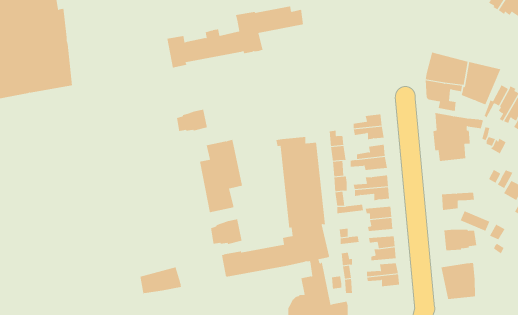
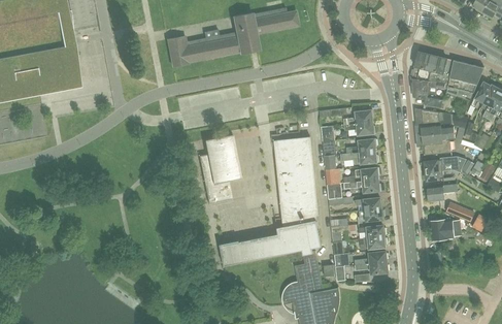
building: [177,109,207,132] -> none
building: none -> [424,156,464,181]
building: [210,218,242,245] -> none
building: [441,262,477,300] -> none
building: [140,267,182,295] -> none

